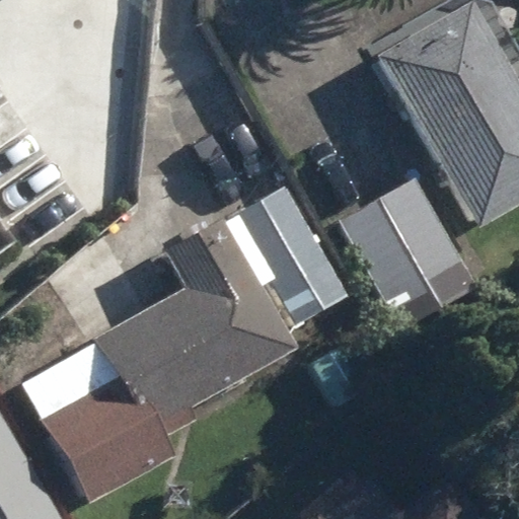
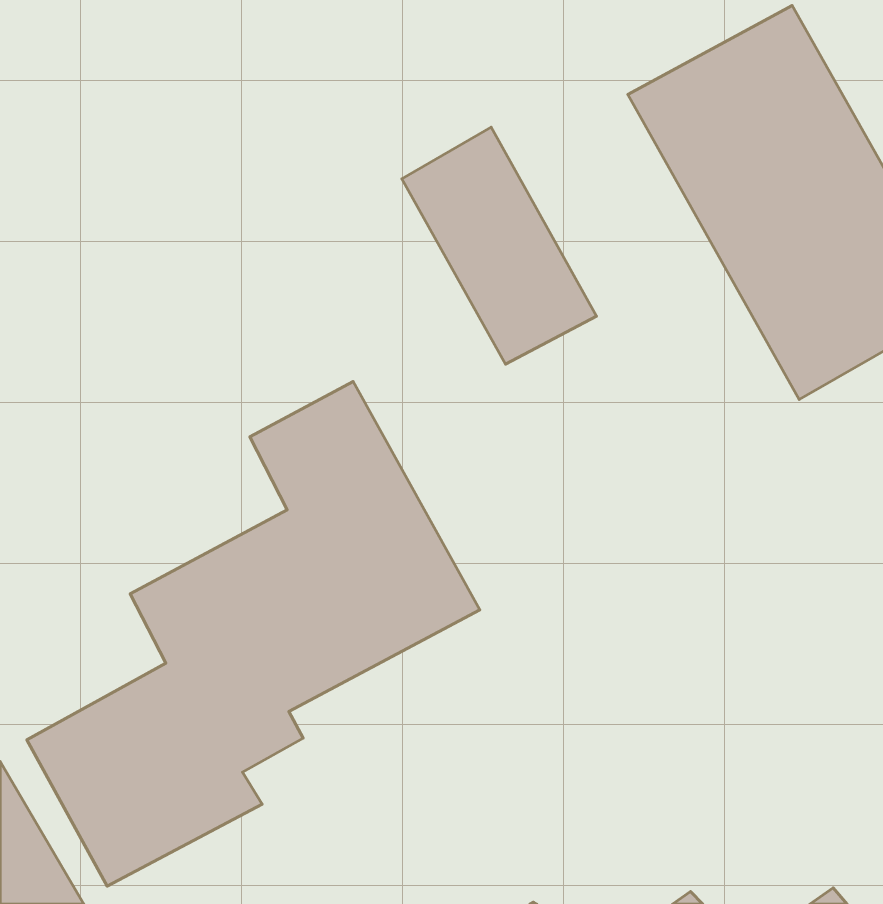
building: [339,179,474,329] -> none
building: [232,188,343,322] -> [402,127,596,364]

